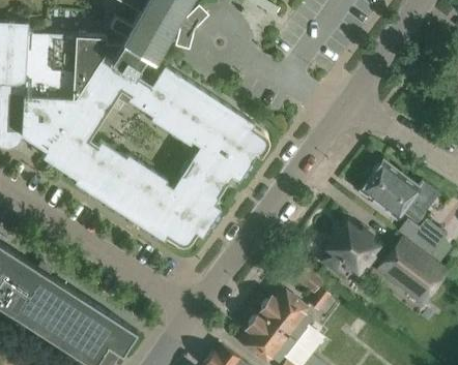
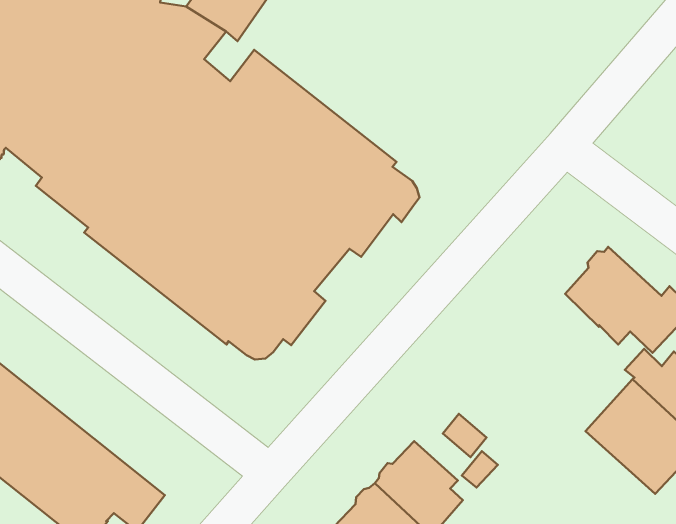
building: [323,221,379,275] -> none

